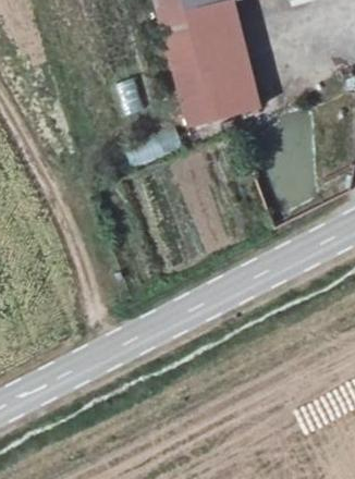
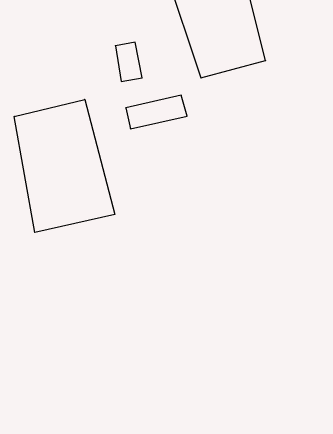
building: none -> [14,99,115,232]

